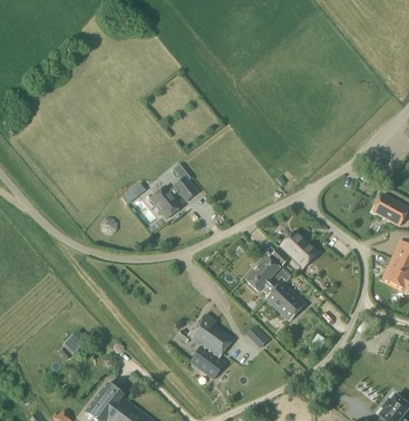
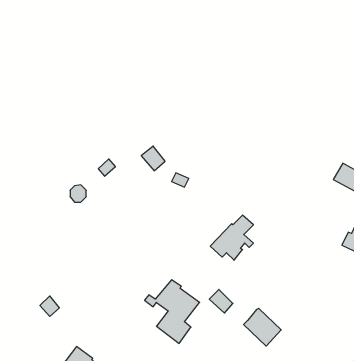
building: [149,184,182,216] -> none
building: [279,228,318,267] -> none
building: [265,281,304,320] -> [244,308,281,346]

